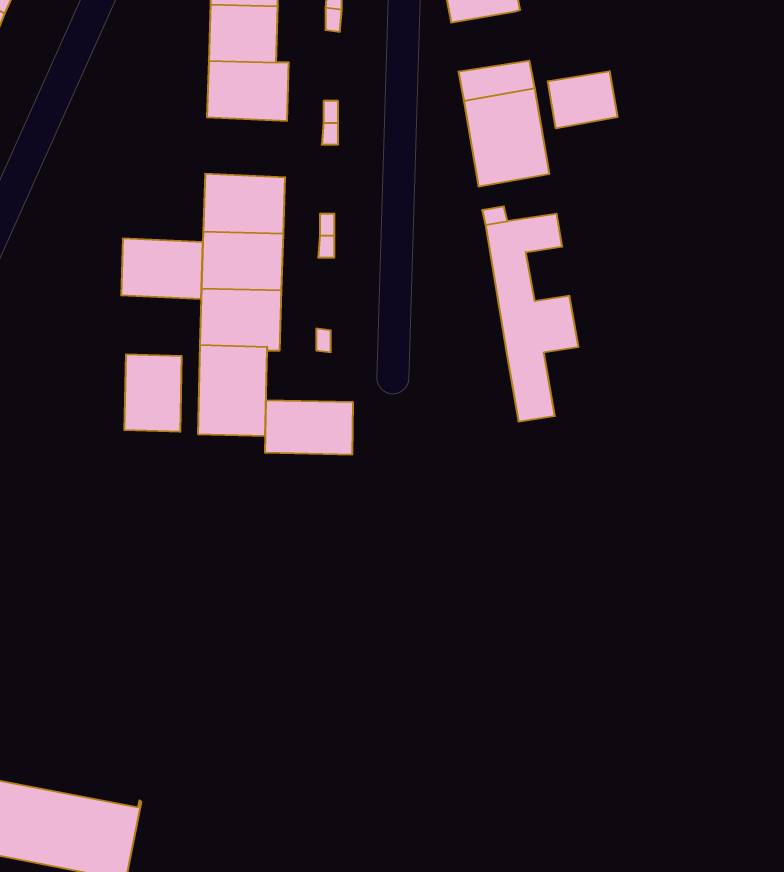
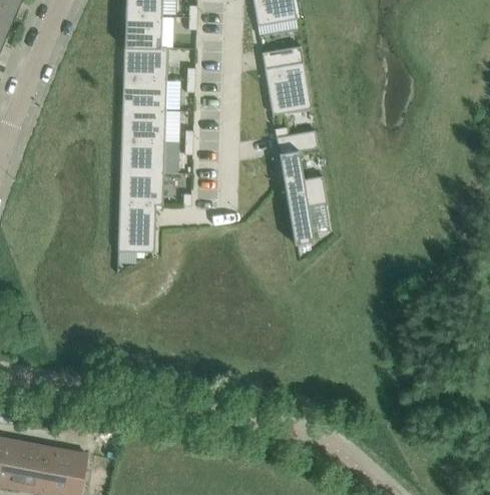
building: [548,71,617,128] -> none
building: [121,239,203,299] -> [122,77,167,110]
building: [124,354,182,432] -> none
building: [265,400,353,455] -> none

